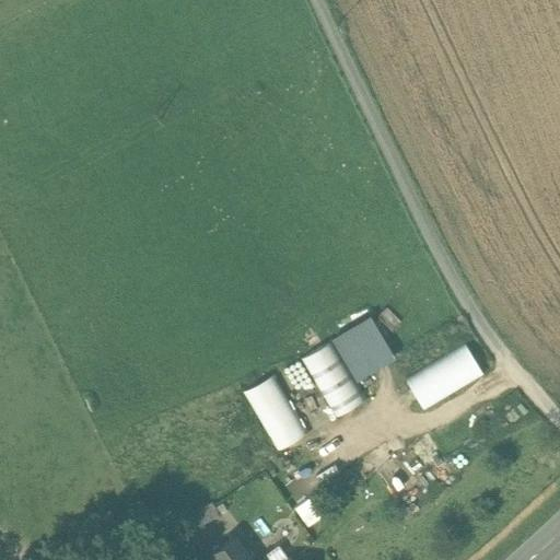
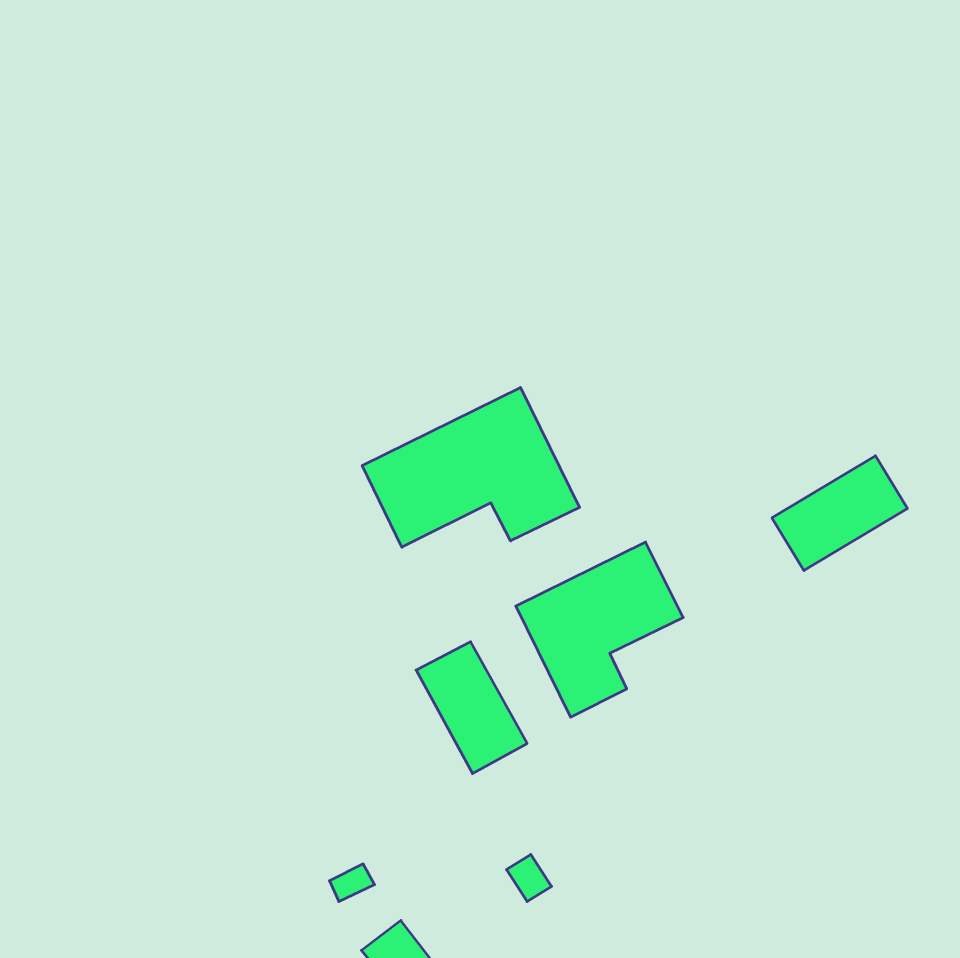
building: none -> [362,387,580,547]
building: [406,342,485,409] -> [772,456,907,571]

